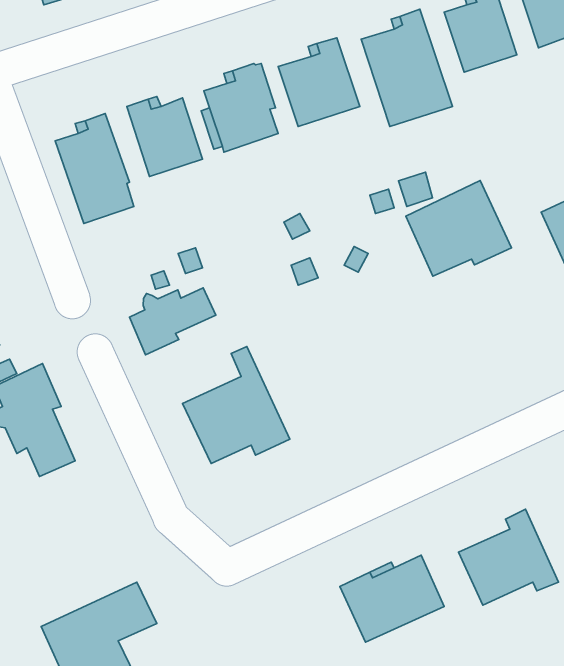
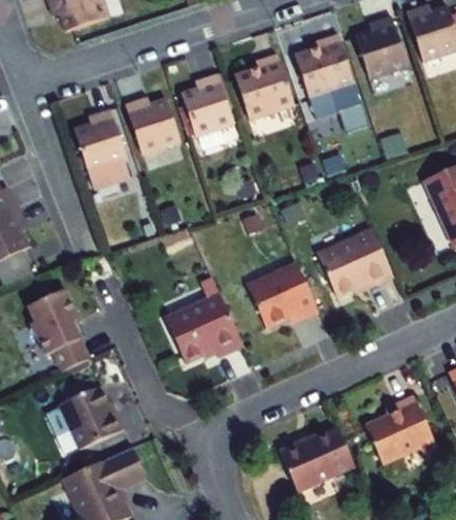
building: [406,181,512,276] -> [317,227,393,296]
building: [129,288,216,355] -> none
building: none -> [247,262,318,326]
building: none -> [59,385,124,448]

